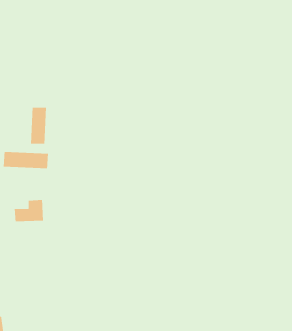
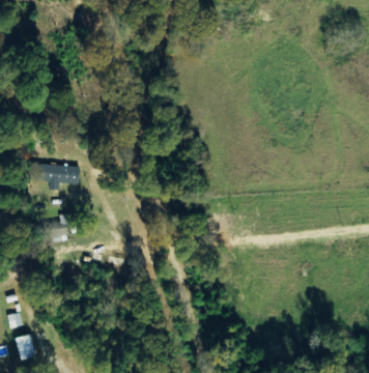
building: [30,107,47,145] -> none

